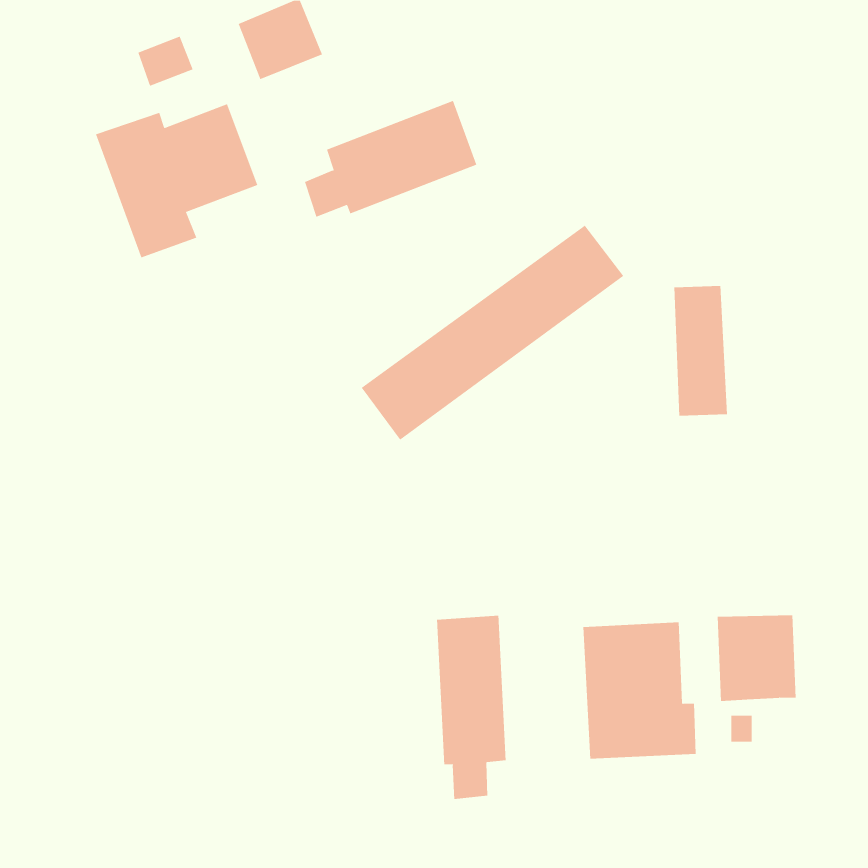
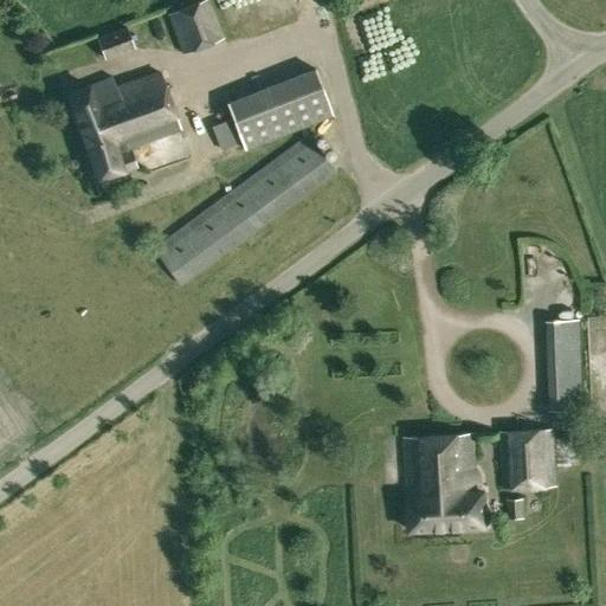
building: [361,225,624,441] -> [153,135,336,285]
building: [674,285,728,416] -> [546,318,584,410]
building: [436,615,506,800] -> none

